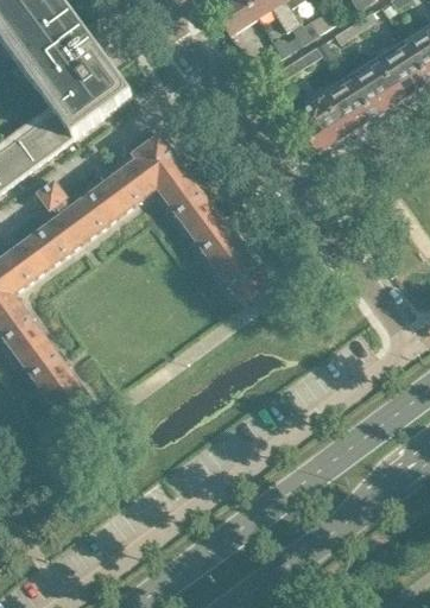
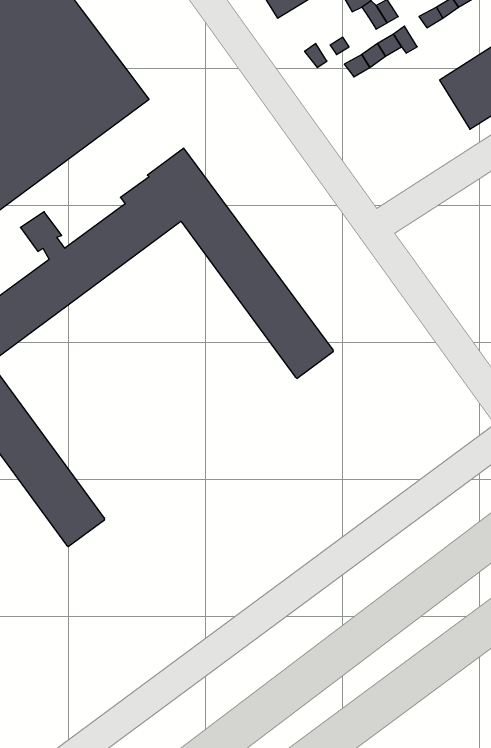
building: [292,81,371,152] -> none

